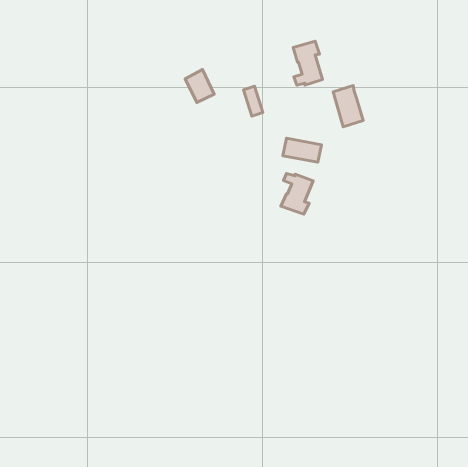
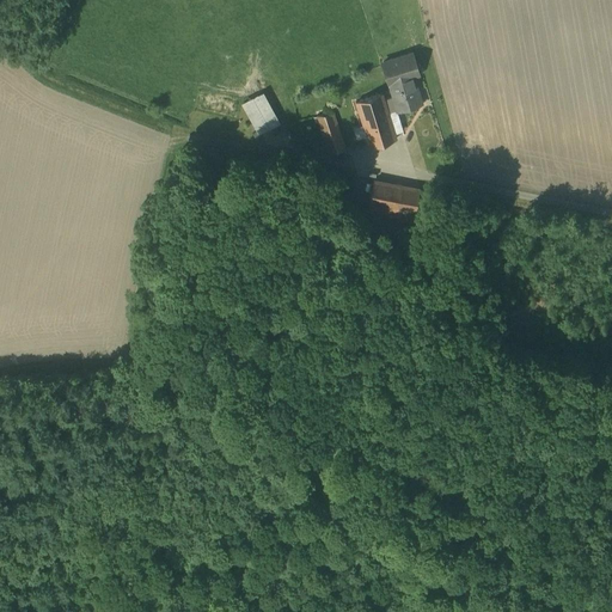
building: [333,86,363,127] -> [356,94,396,148]
building: [281,174,313,214] -> none

